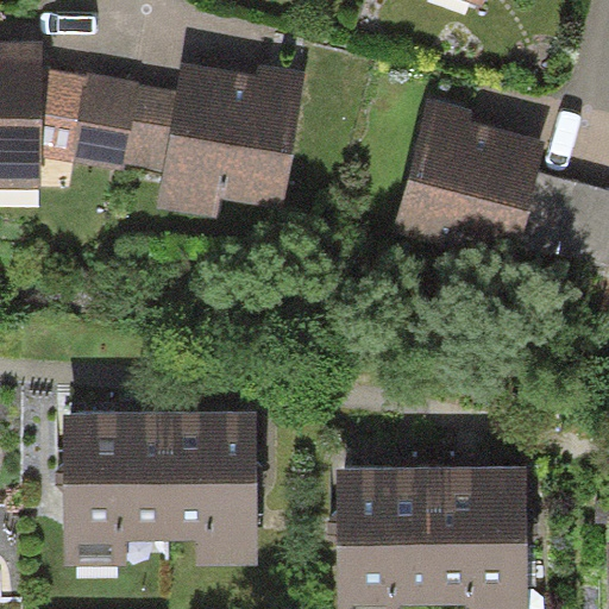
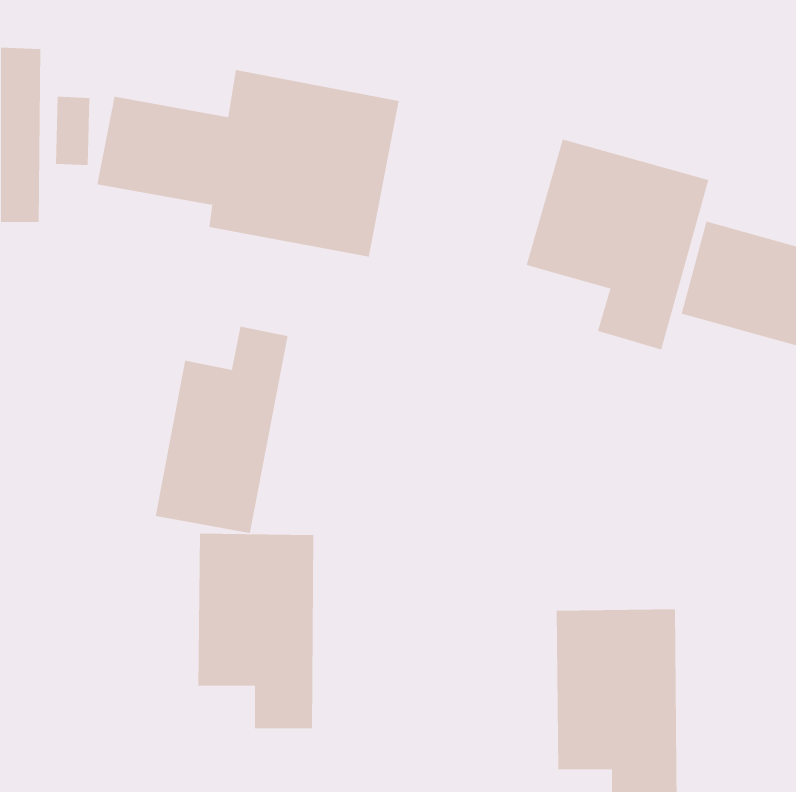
building: none -> [155,326,288,534]
building: [64,412,158,560] -> none
building: [338,471,428,592] -> none

